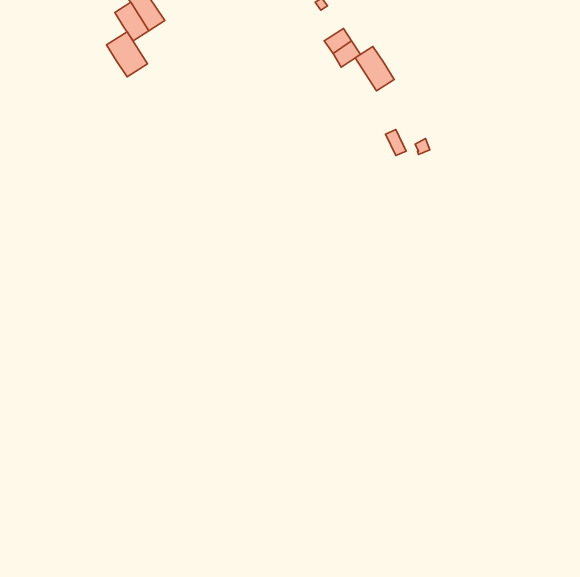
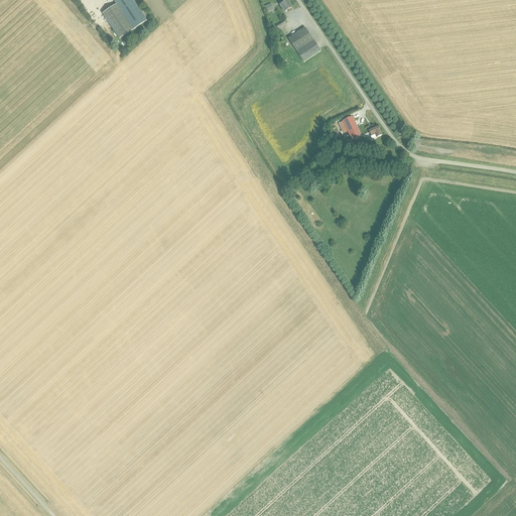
building: [107,32,148,77] -> none
building: [355,47,394,91] -> none

